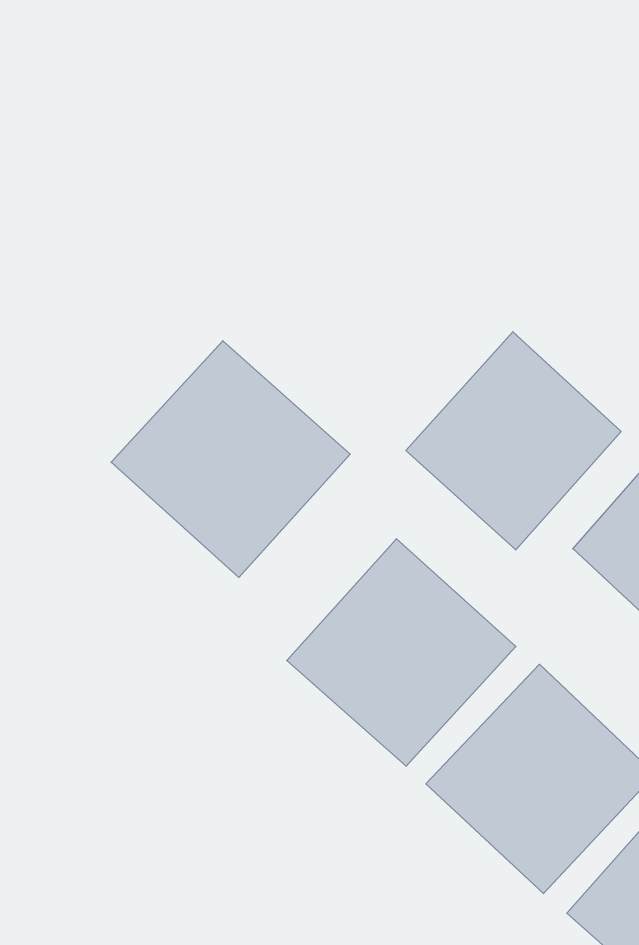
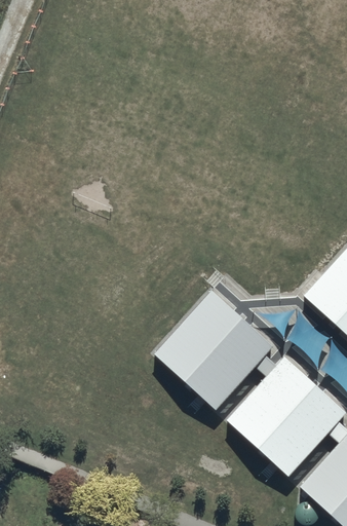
building: [406,332,621,550] -> none
building: [111,341,350,577] -> none

